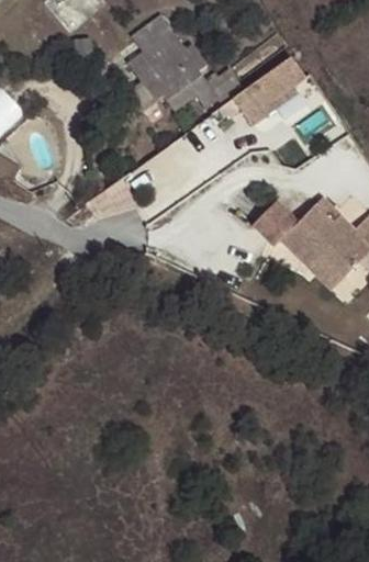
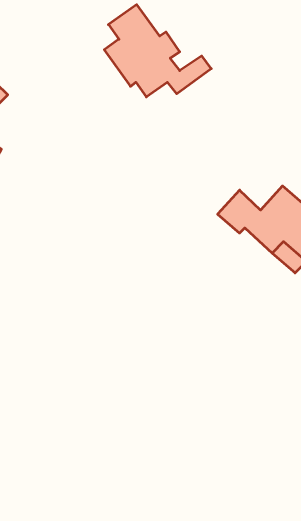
building: [235,54,308,122] -> none

